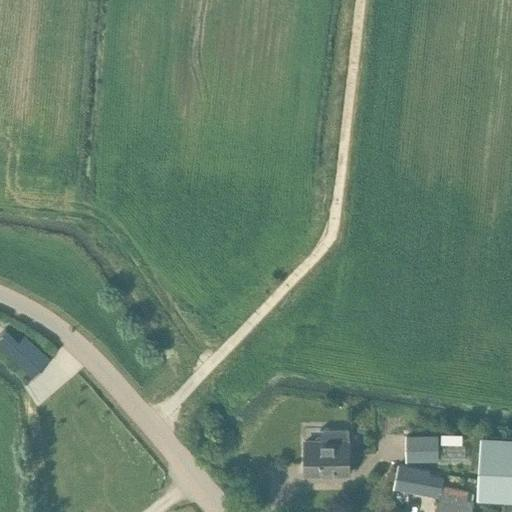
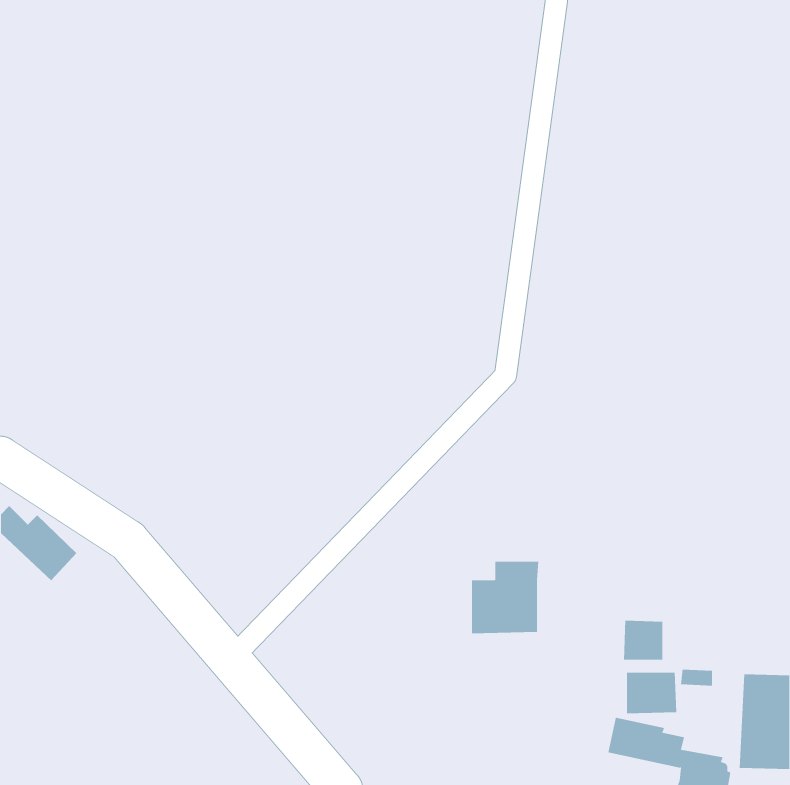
building: none -> [623,620,663,661]
building: [305,431,349,478] -> [471,561,539,634]

